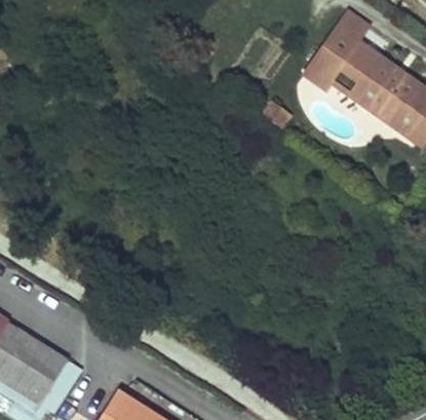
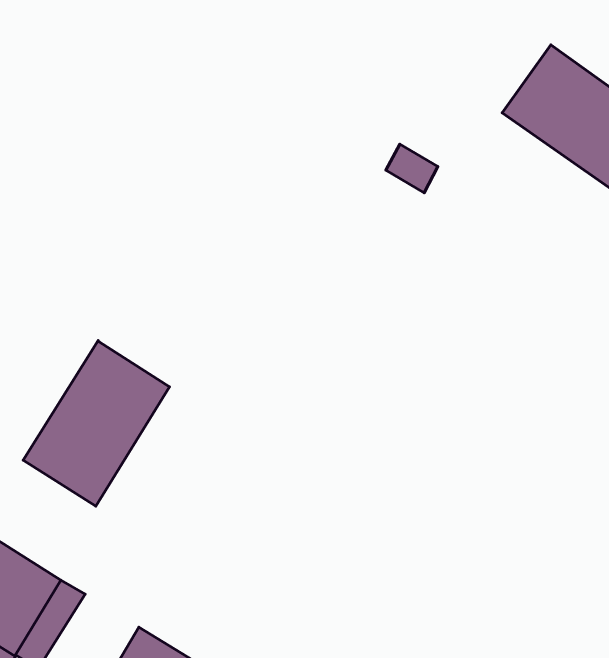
building: [305,28,359,90] -> none
building: none -> [23,340,169,506]

